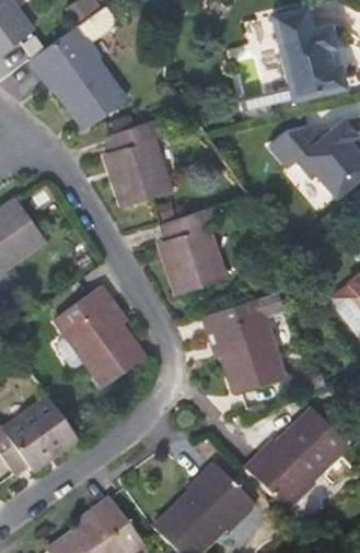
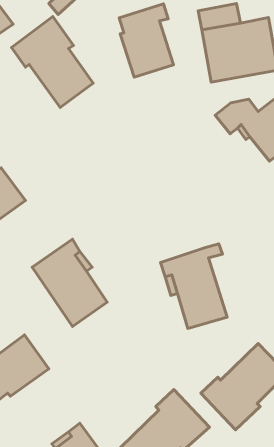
building: [104,120,167,205] -> [119,4,174,77]
building: [160,207,224,292] -> none

